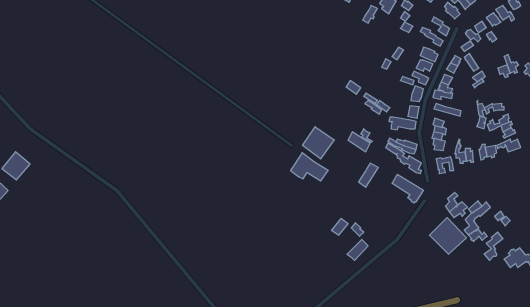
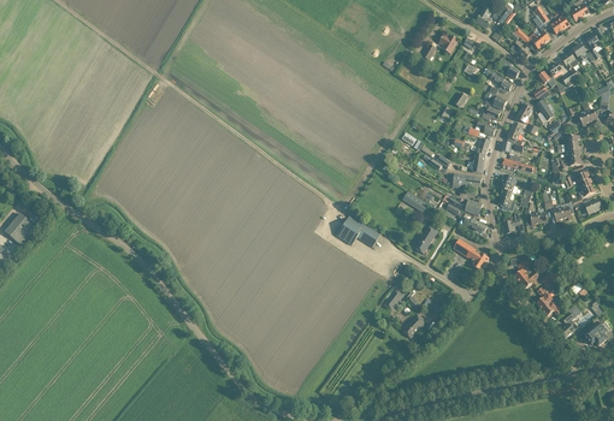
building: [303,127,334,159] -> none
building: [429,218,466,254] -> none

